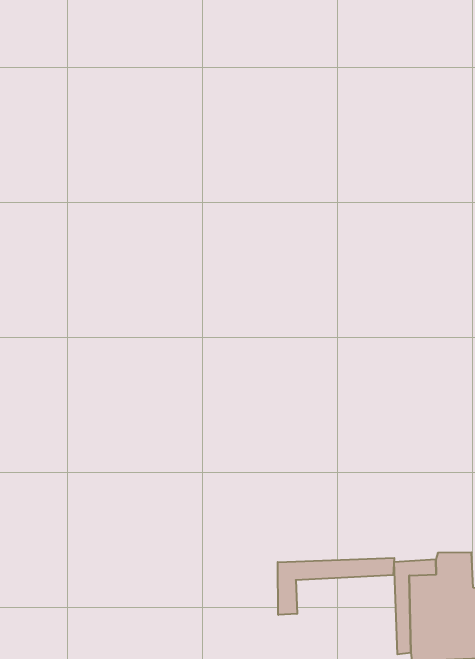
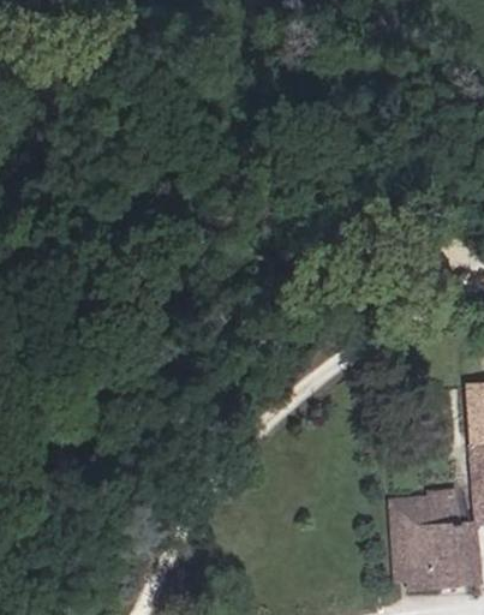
building: [278,558,394,615] -> none

